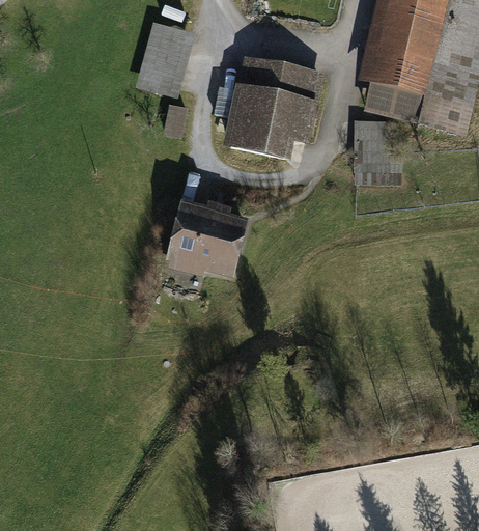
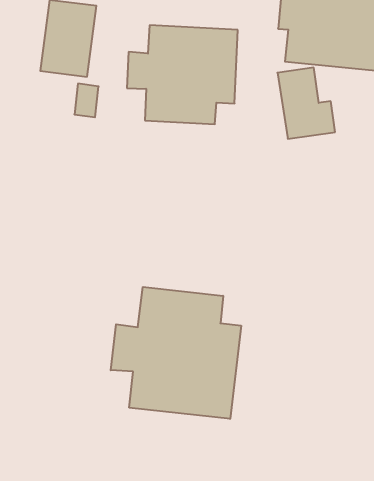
building: [167,198,248,277] -> none
building: none -> [111,287,241,419]

